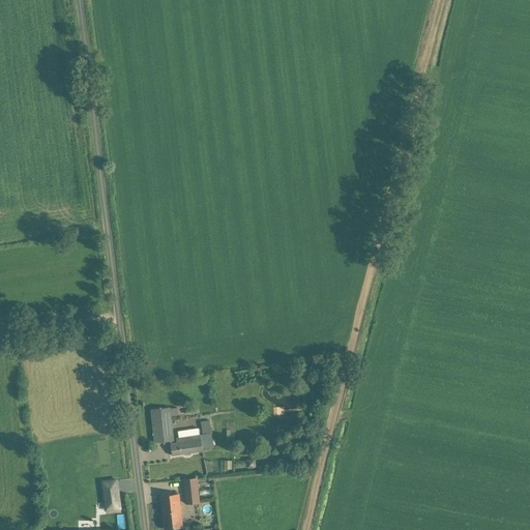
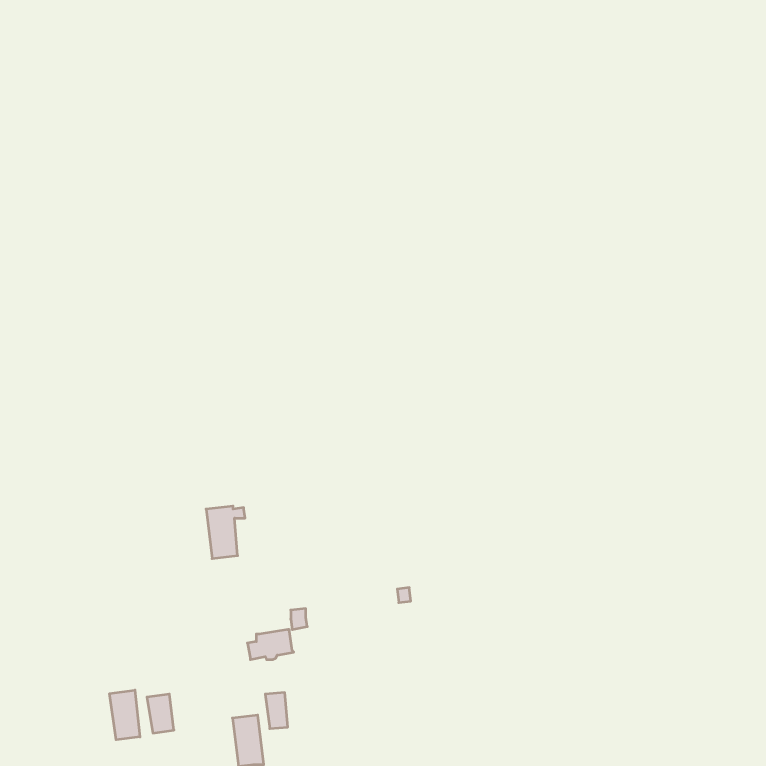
building: [151,407,178,443] -> [206,506,245,559]
building: none -> [110,690,140,740]

